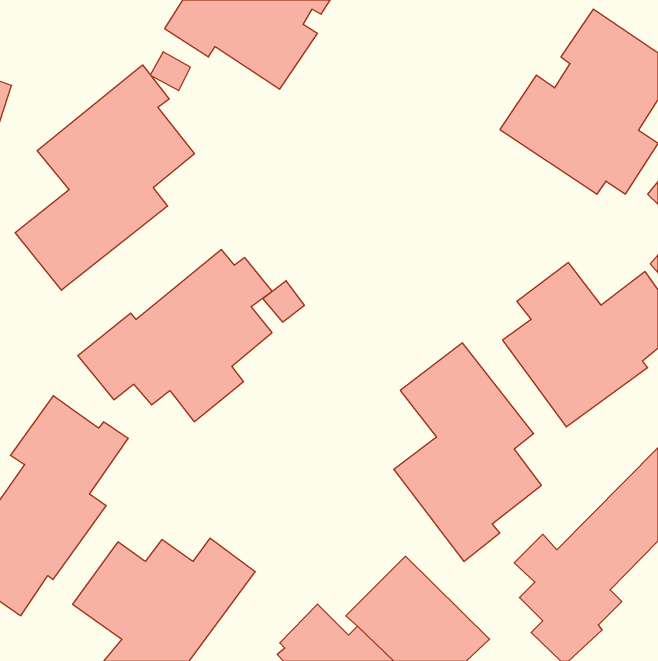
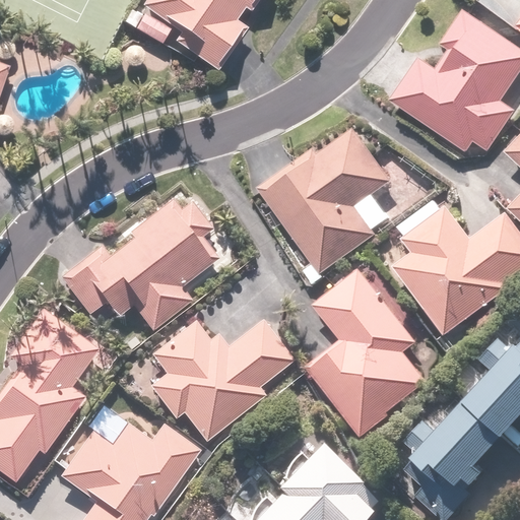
building: [15,65,194,290] -> none
building: none -> [260,116,392,289]
building: none -> [134,320,294,443]

